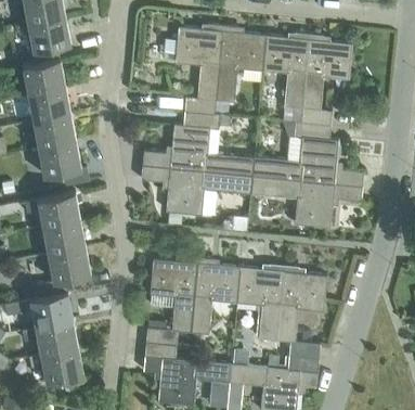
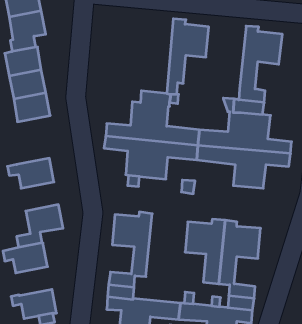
building: [176,24,222,114] -> none
building: [261,31,309,108] -> none
building: [37,140,89,187] -> none
building: [41,219,86,254] -> none
building: [176,257,239,346] -> none
building: [22,320,78,355] -> none

